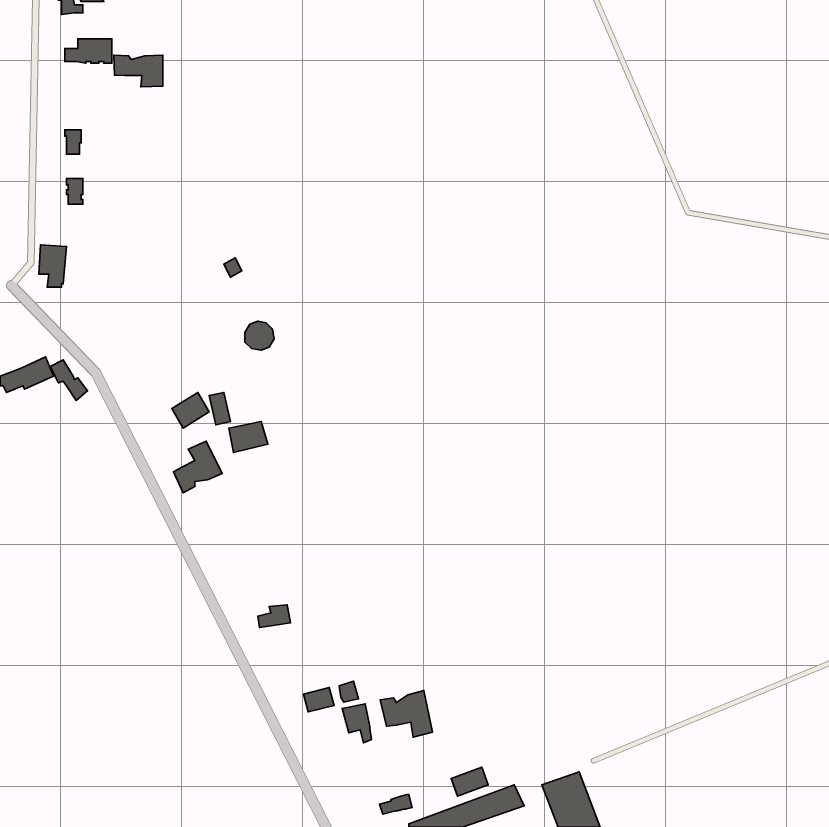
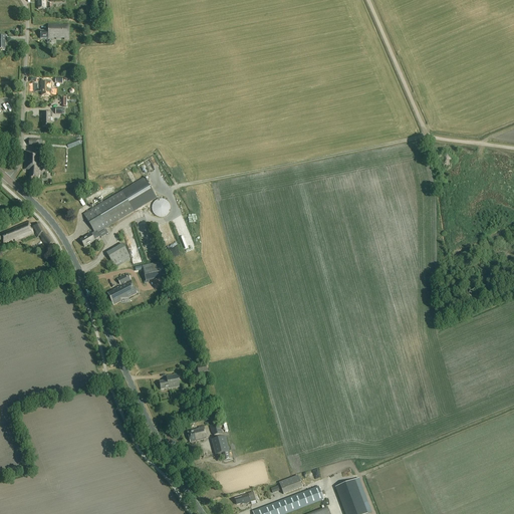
building: [114,55,163,87] -> none
building: none -> [80,177,157,247]
building: [380,690,433,737] -> none

